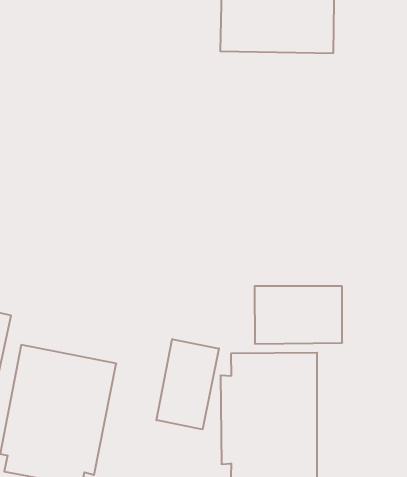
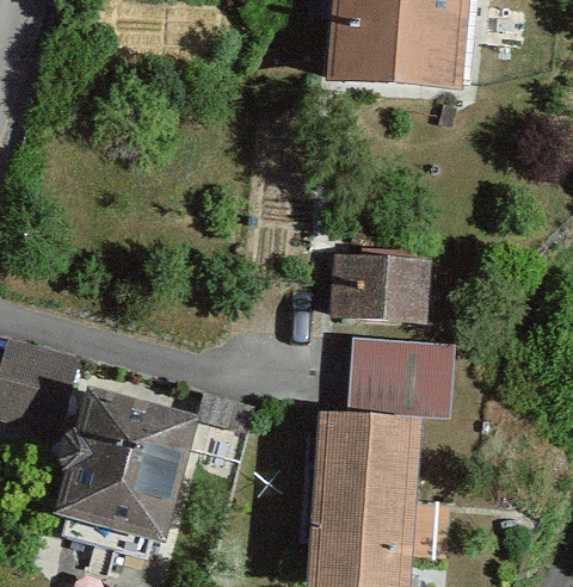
building: none -> [333,258,429,317]
building: [156,339,219,429] -> none

